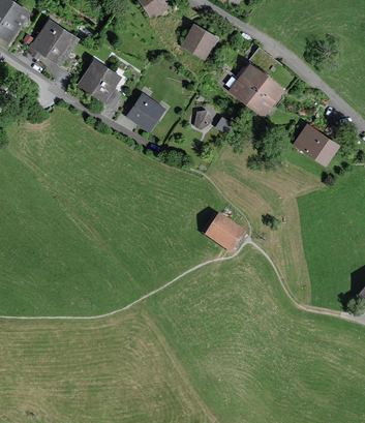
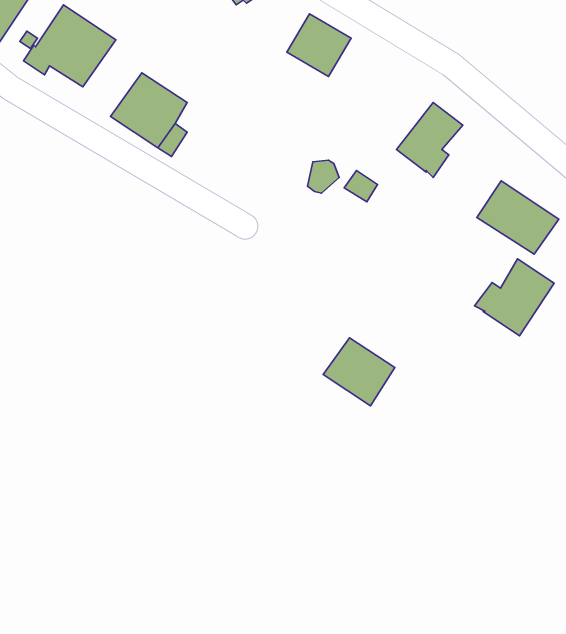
building: [225,61,268,103] -> none
building: [125,91,166,132] -> none
building: none -> [475,259,554,336]

